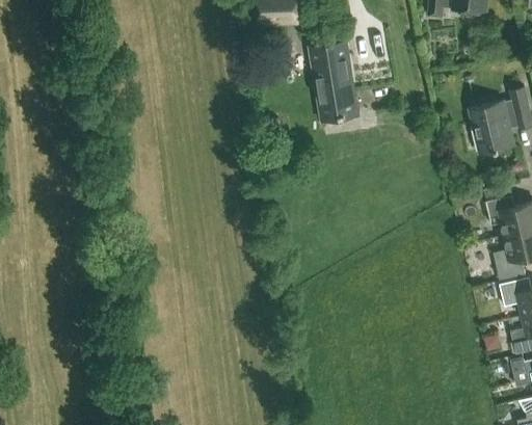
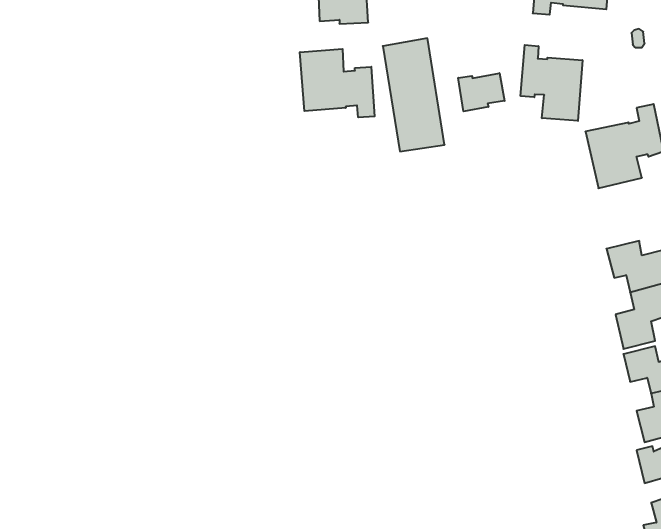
building: none -> [521,45,582,121]
building: none -> [300,49,375,117]
building: none -> [458,73,505,111]

